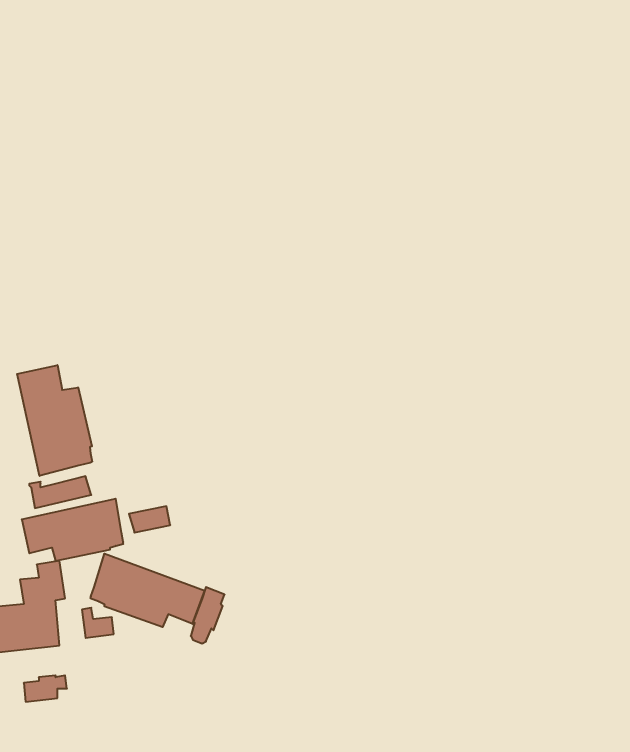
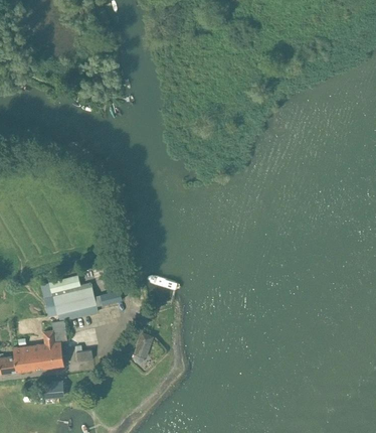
building: [17,365,92,476] -> none
building: [91,554,205,627] -> none

